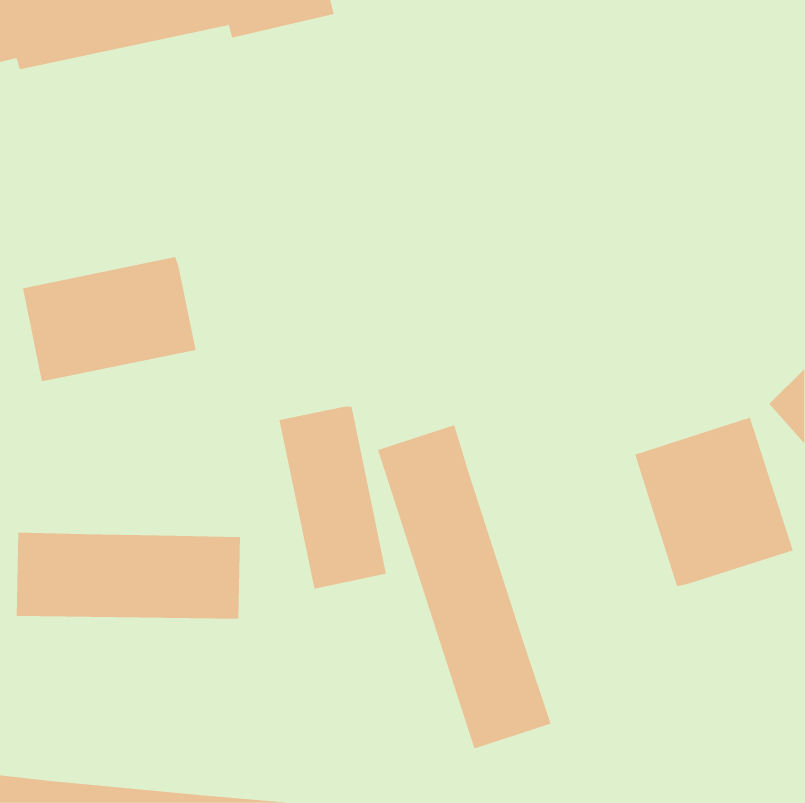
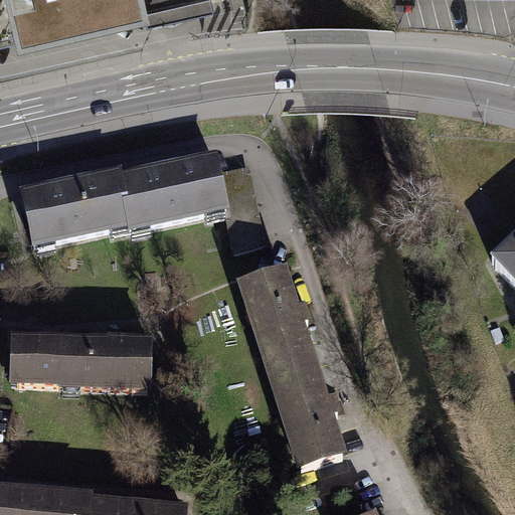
building: none -> [114,149,255,249]
building: [279,406,387,589] -> none
building: [634,417,793,587] -> none

